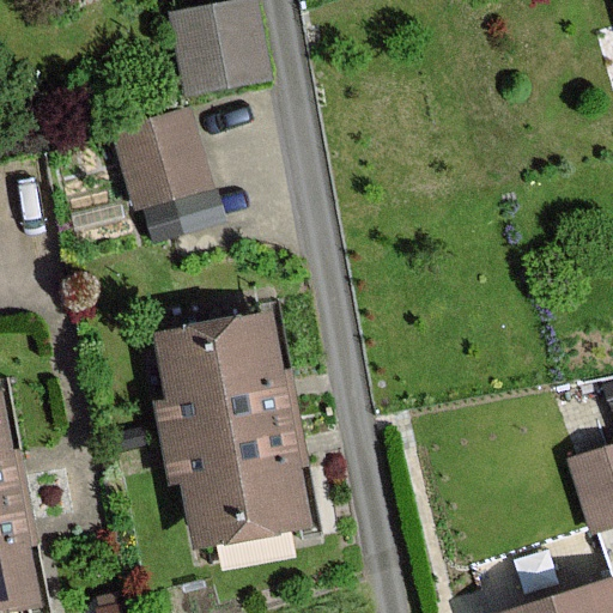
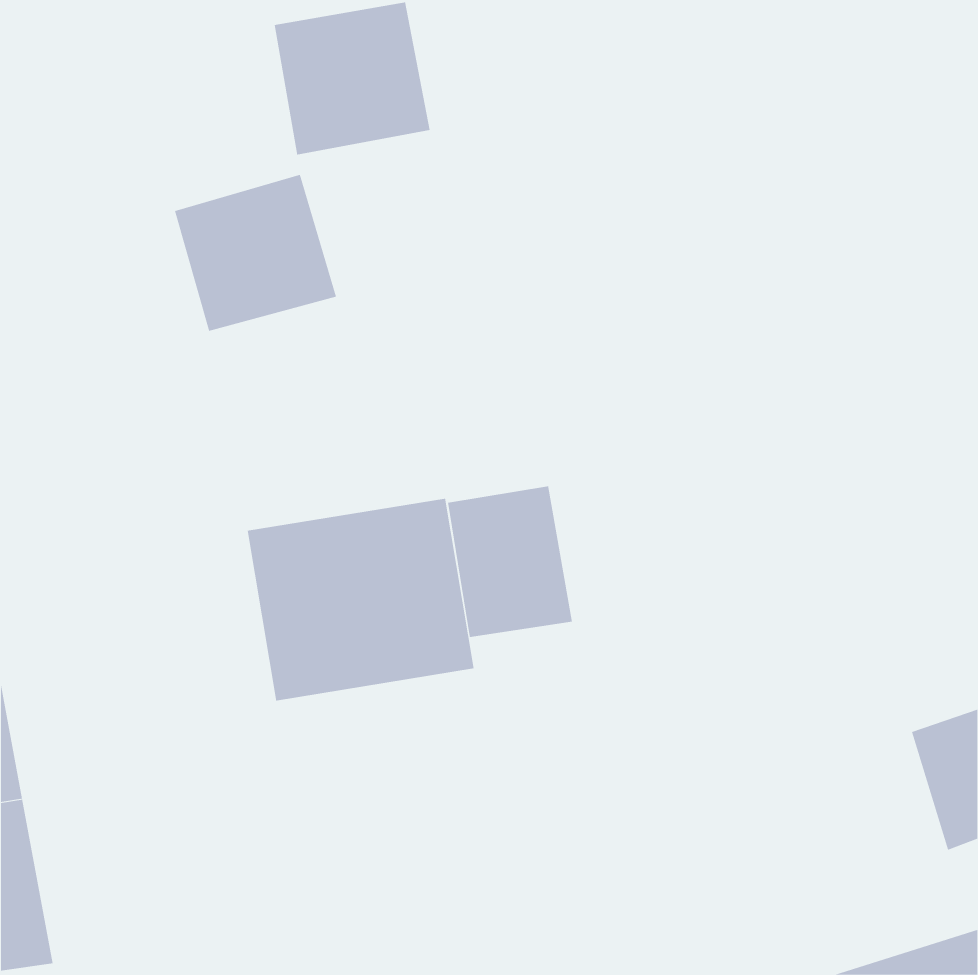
building: none -> [447,485,573,638]
building: [172,418,315,546] -> none

